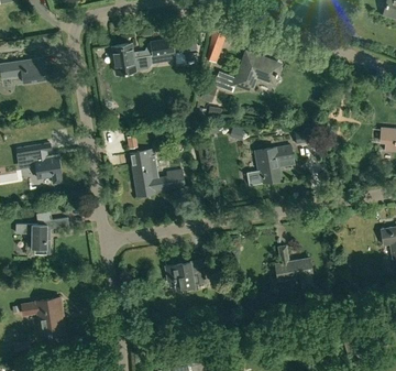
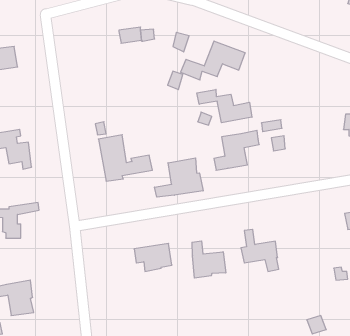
building: [112,43,152,74] -> none
building: none -> [197,89,252,123]
building: none -> [155,158,203,197]
building: none -> [192,241,226,278]

